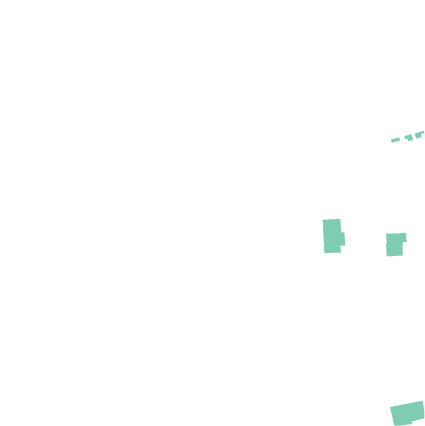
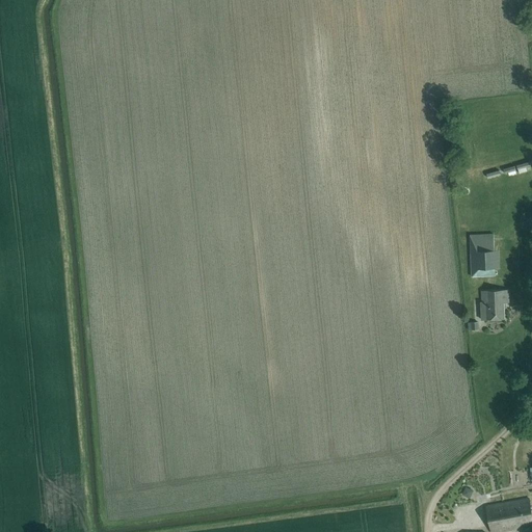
building: [322,219,346,254] -> [469,234,499,277]

